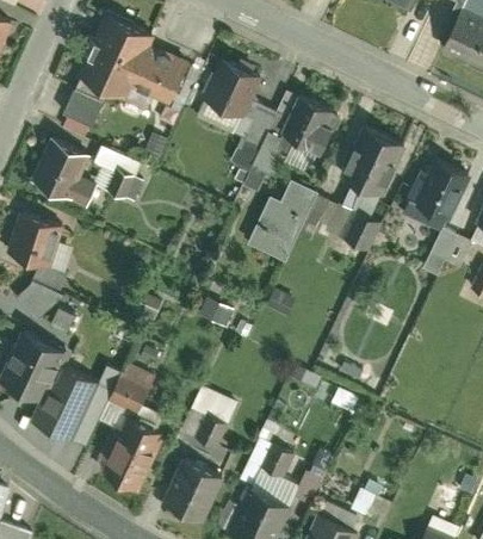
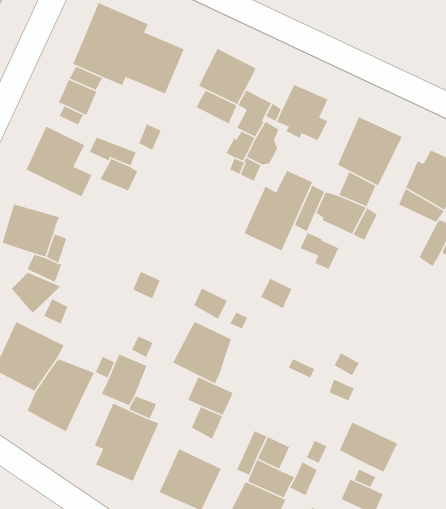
building: none -> [300,232,339,270]
building: none -> [172,321,232,384]
building: none -> [339,422,398,473]

